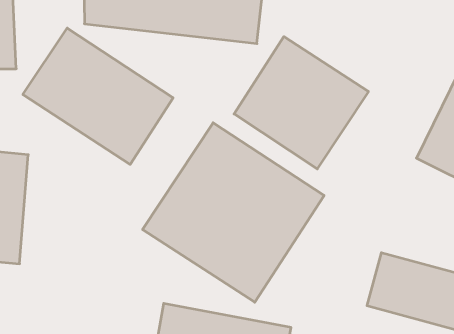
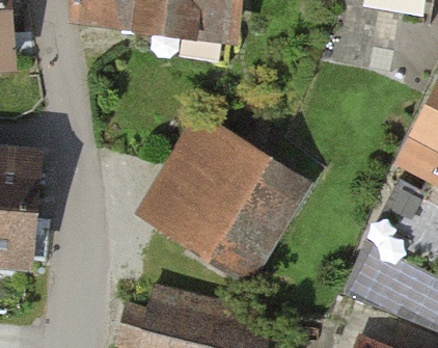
building: [23,28,173,164] -> none
building: [234,37,368,169] -> none

